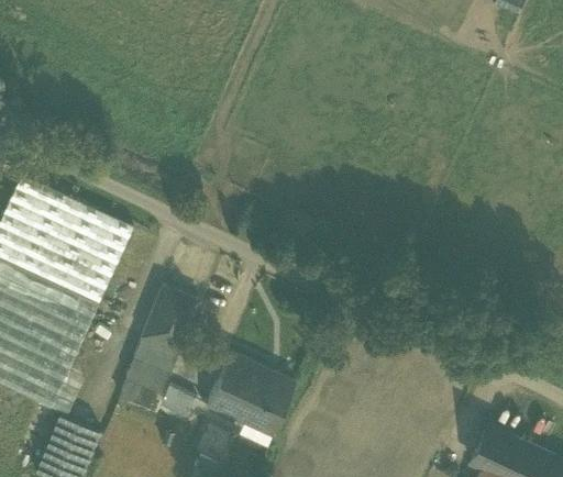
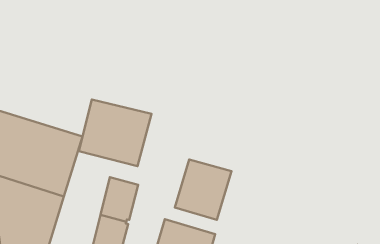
building: none -> [79,100,151,166]
building: none -> [175,160,232,220]

